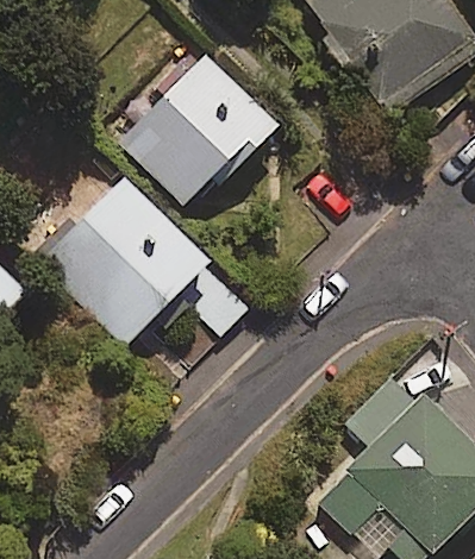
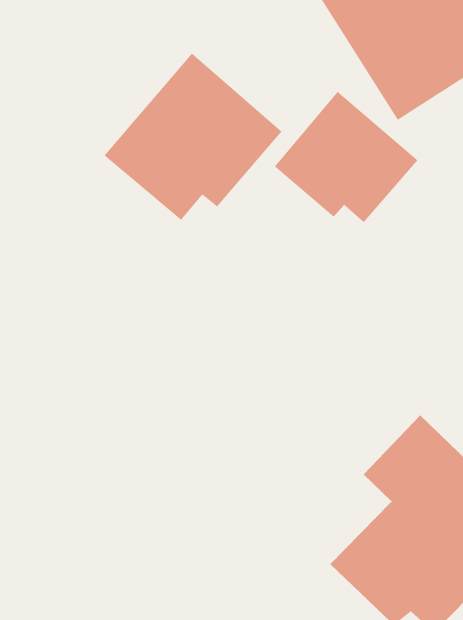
building: none -> [274,91,418,223]
building: [38,174,250,343] -> none

